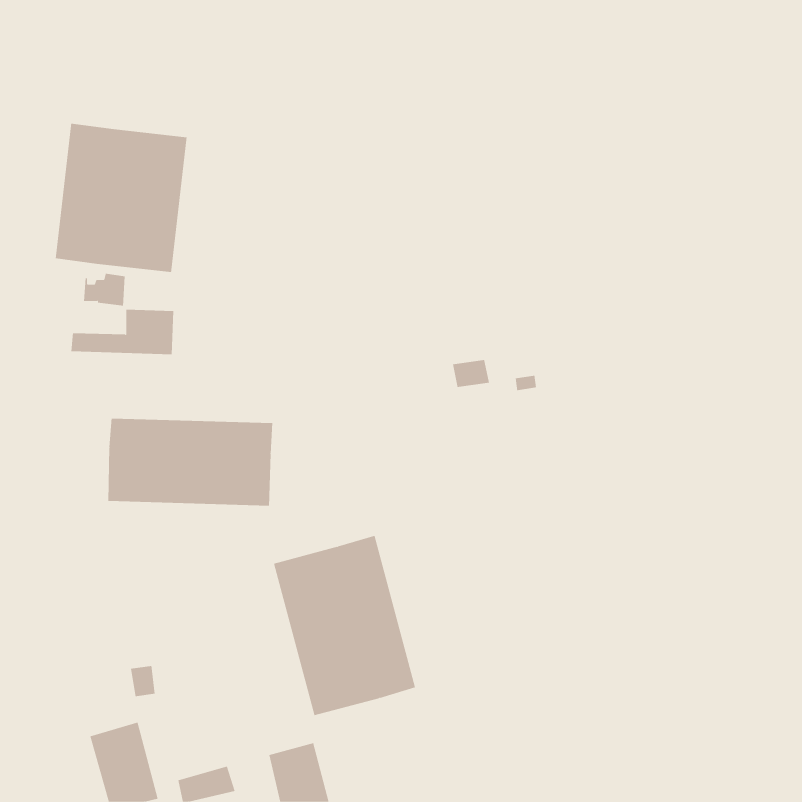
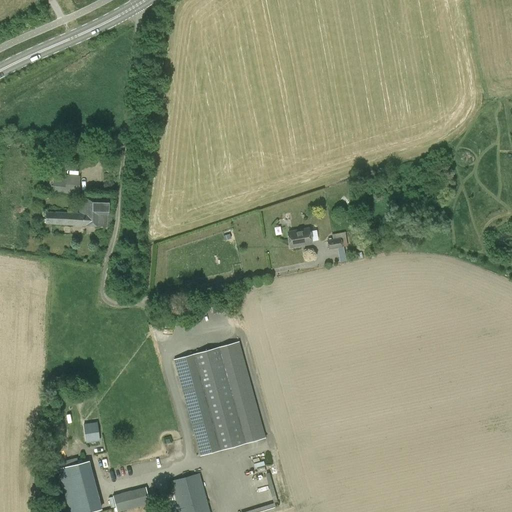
building: [55,123,187,273] -> none
building: [108,418,273,507] -> none

